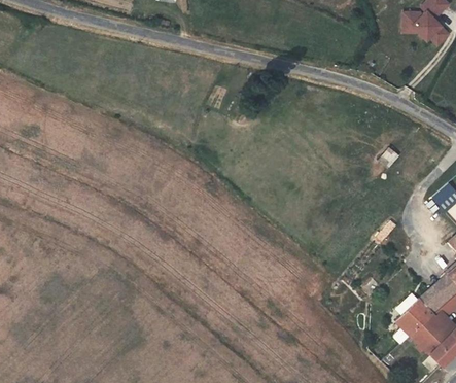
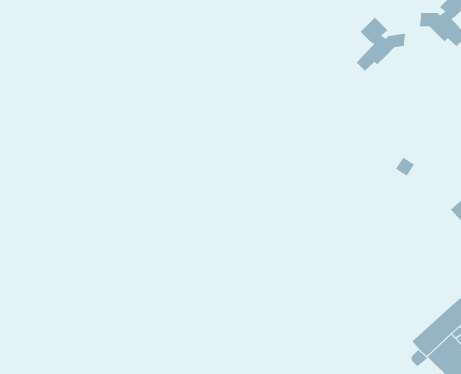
building: none -> [356,17,405,71]

